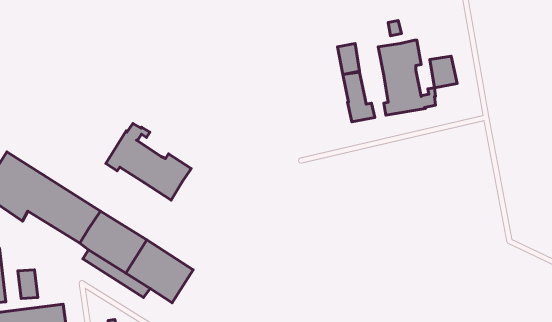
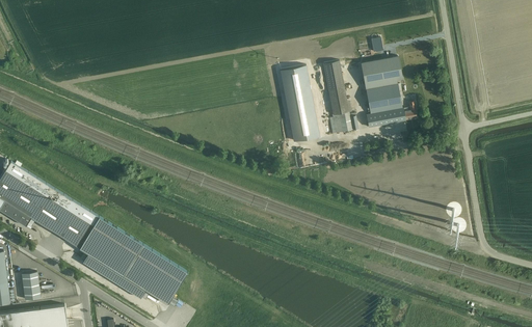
building: none -> [277,64,316,141]
building: [430,56,457,88] -> none
building: [106,123,191,200] -> none

